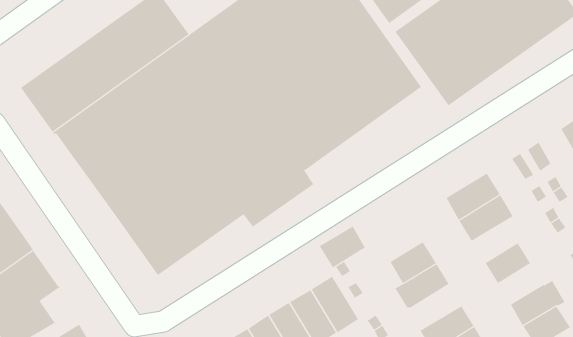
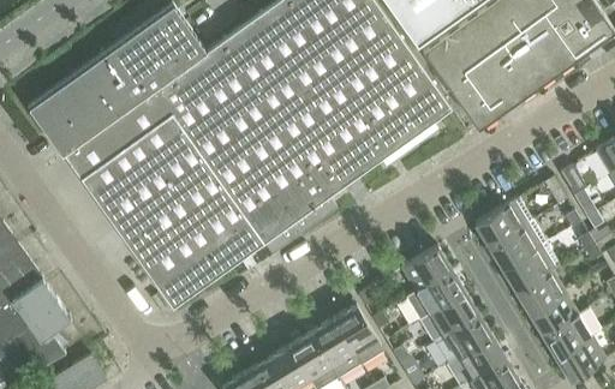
building: none -> [501,244,559,293]
building: [319,226,366,268] -> [401,247,450,292]
building: none -> [529,293,578,336]
building: none -> [436,315,491,364]

